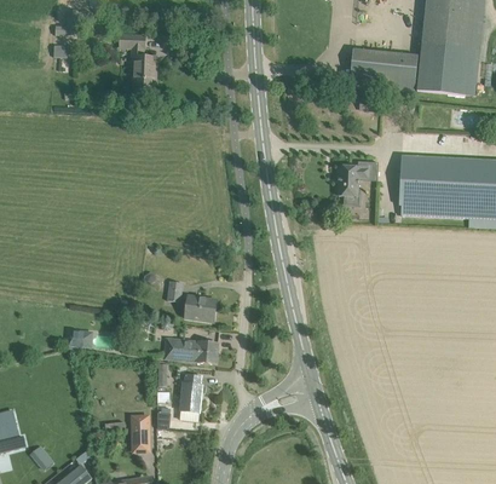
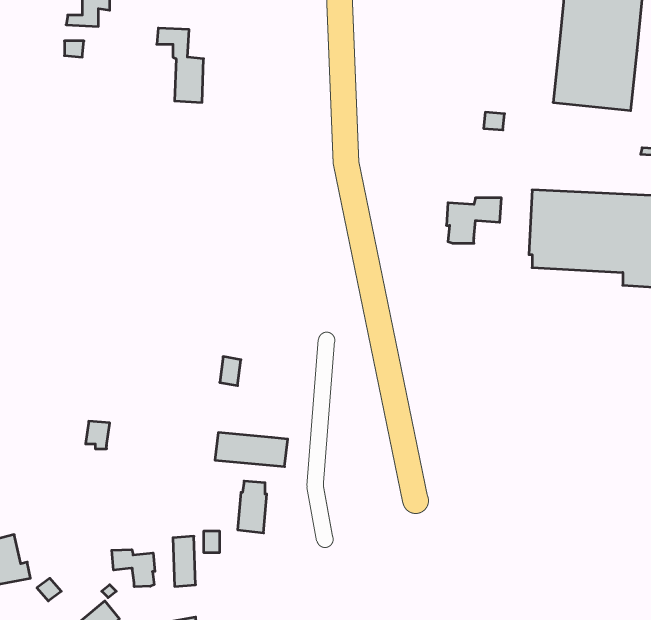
building: [348,48,419,92] -> none
building: [185,294,217,321] -> none
building: none -> [112,550,155,587]

